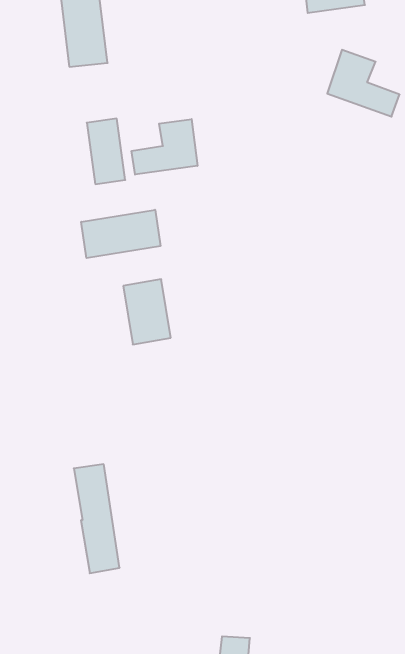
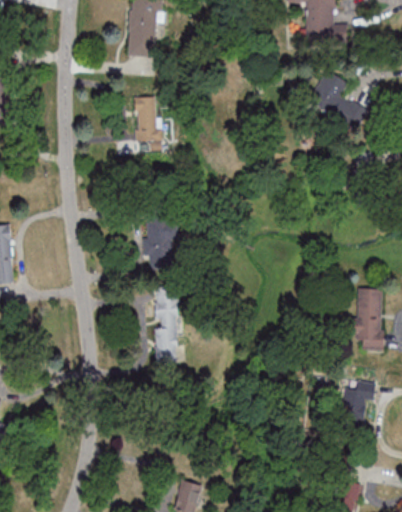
building: [132,119,197,175] -> none
building: [81,210,160,258] -> none
building: [74,464,120,573] -> [155,287,178,364]

